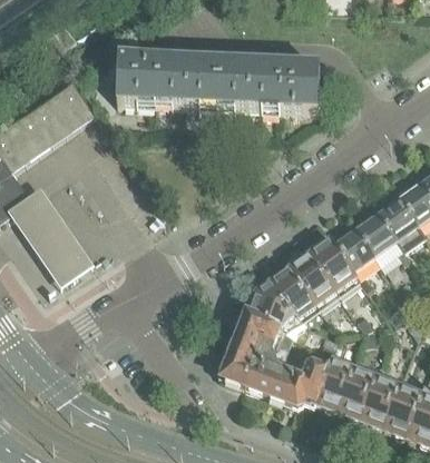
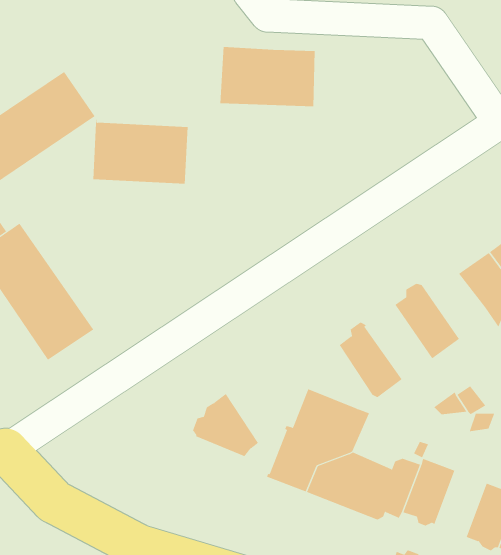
building: [118,56,187,105] -> [93,116,189,184]
building: [253,65,319,110] -> none
building: [331,227,375,286] -> none
building: [290,248,338,303] -> none
building: [246,278,294,324] -> [192,393,259,457]
building: [340,368,377,417] -> none

